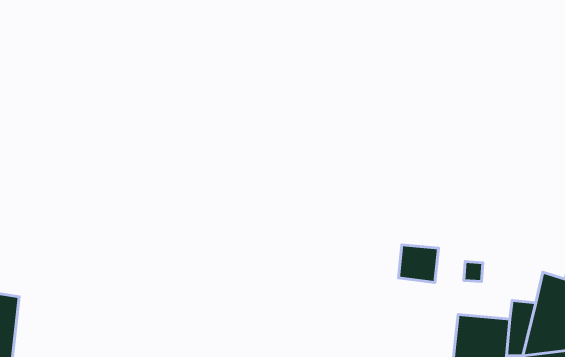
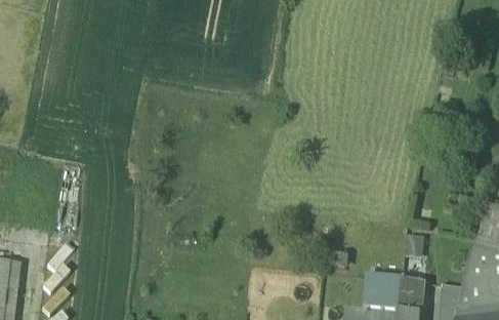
building: [398,245,438,282] -> [366,273,401,306]

